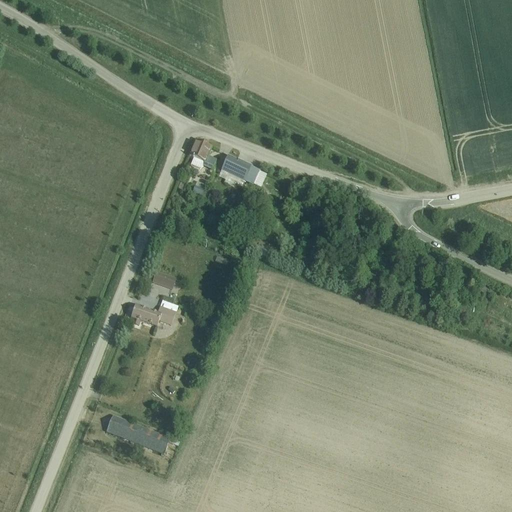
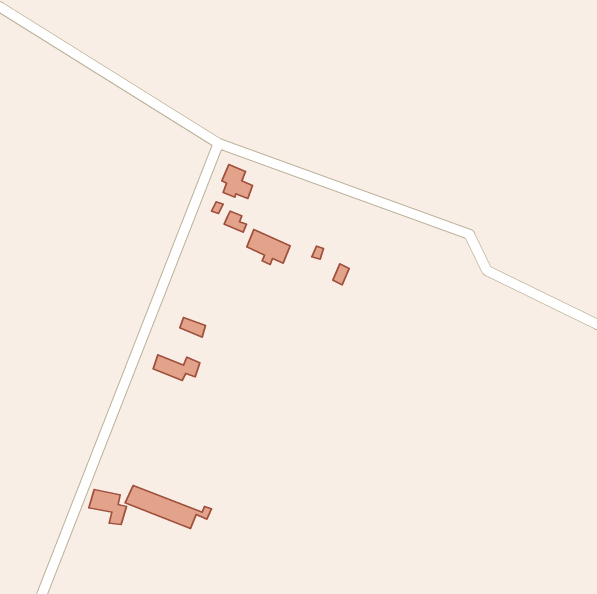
building: [221,155,258,185] -> [247,229,290,264]
building: none -> [89,490,126,525]

